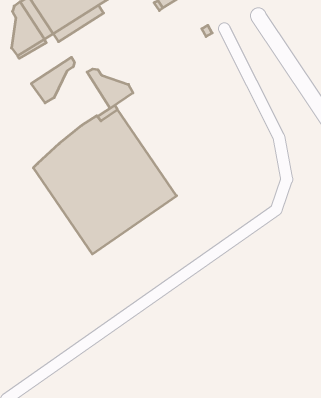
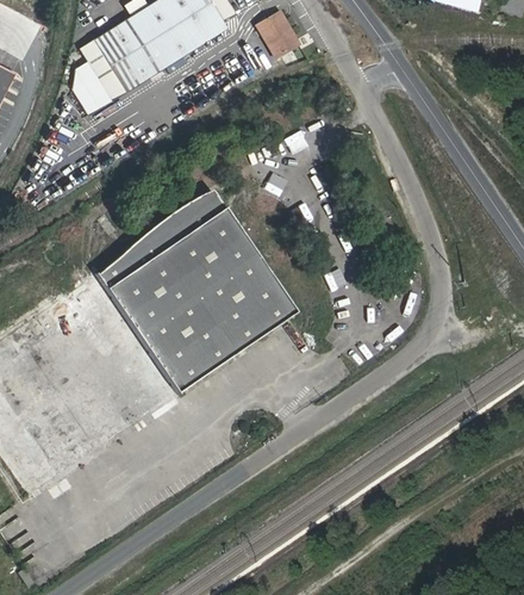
building: [31,57,74,103] -> none
building: [87,69,133,108] -> none

